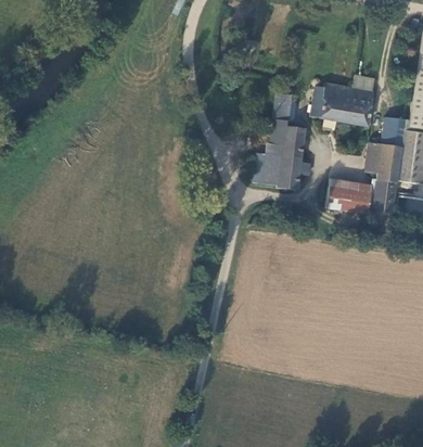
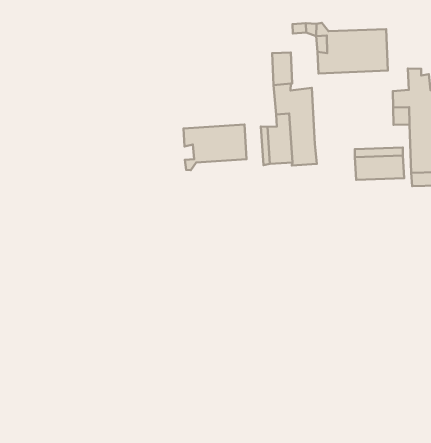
building: none -> [184,124,246,170]

